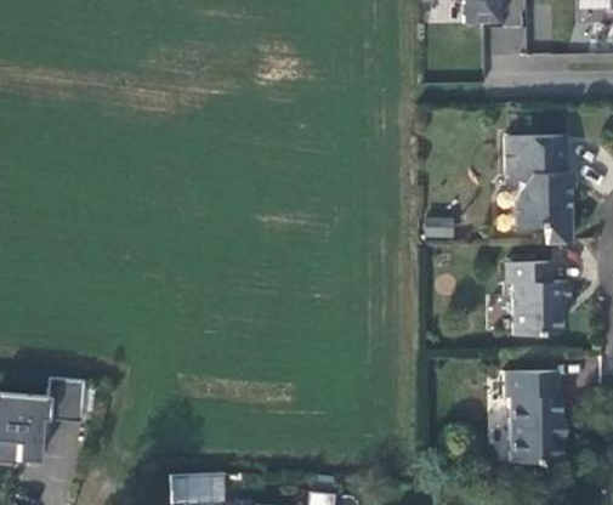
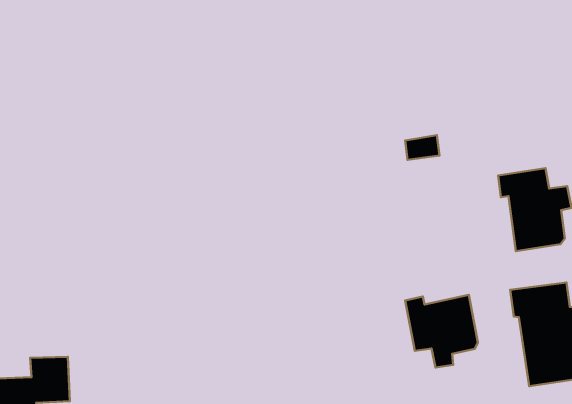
building: [506,136,571,243] -> none
building: none -> [405,295,478,368]

